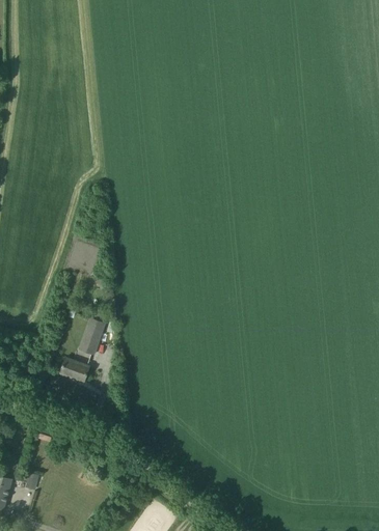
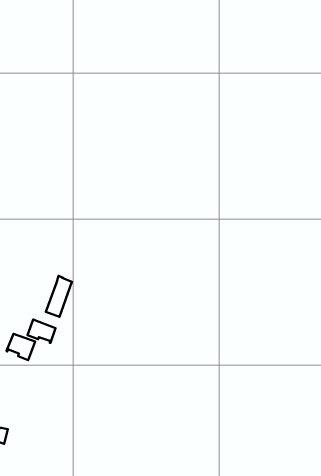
building: none -> [6,334,35,360]

